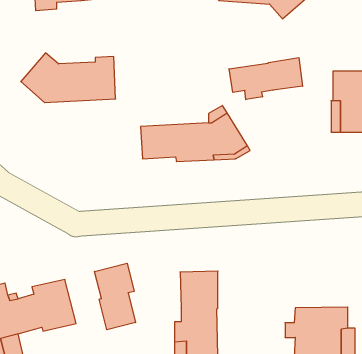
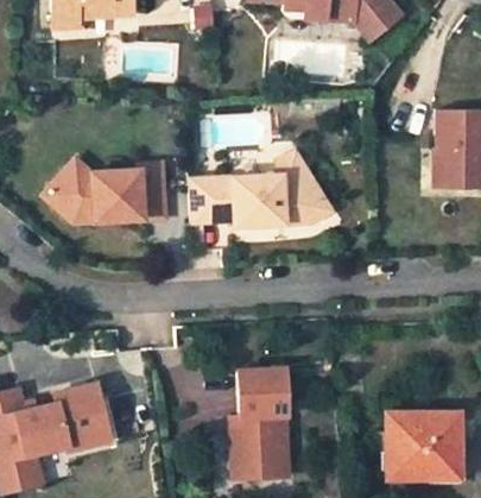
building: [21,53,116,103] -> [43,158,165,222]
building: [229,58,303,100] -> none
building: [95,263,136,330] -> none

